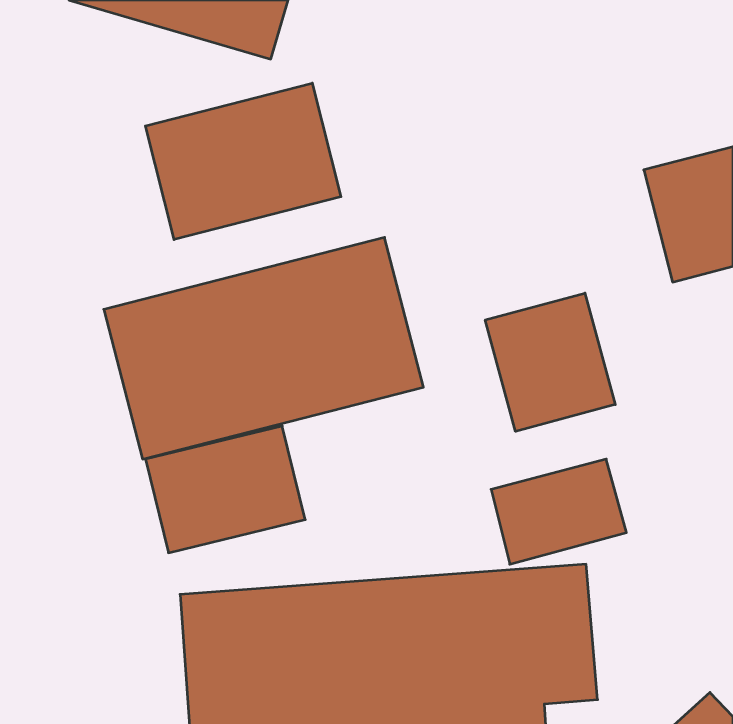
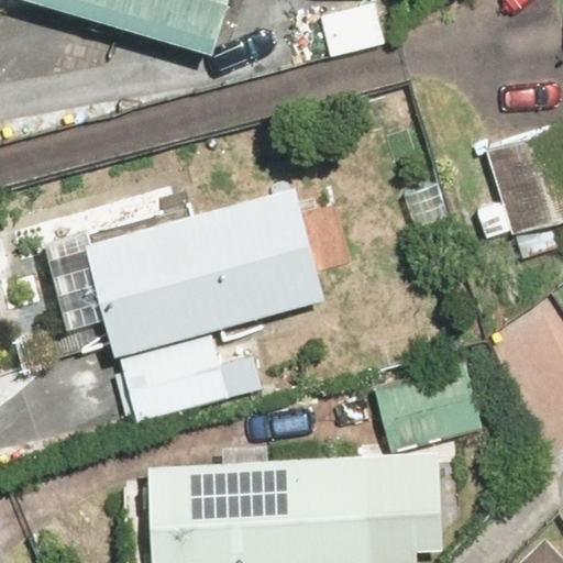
building: [145,83,341,240] -> none
building: [485,293,615,431] -> none

